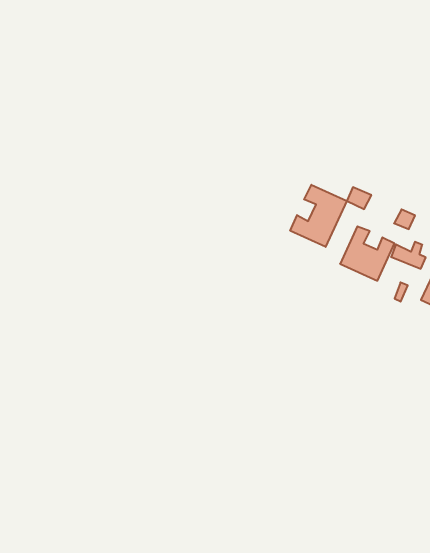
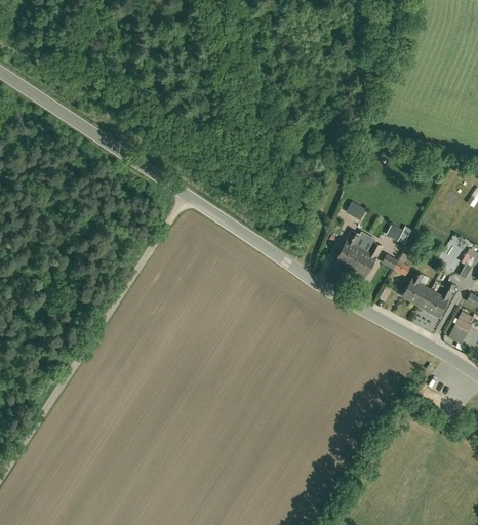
building: [290,185,347,247] -> none

